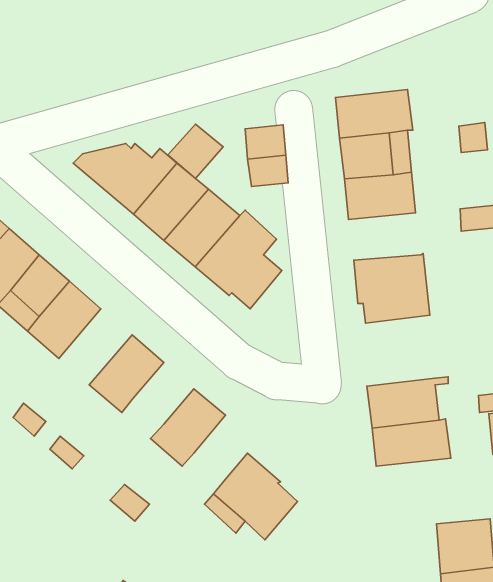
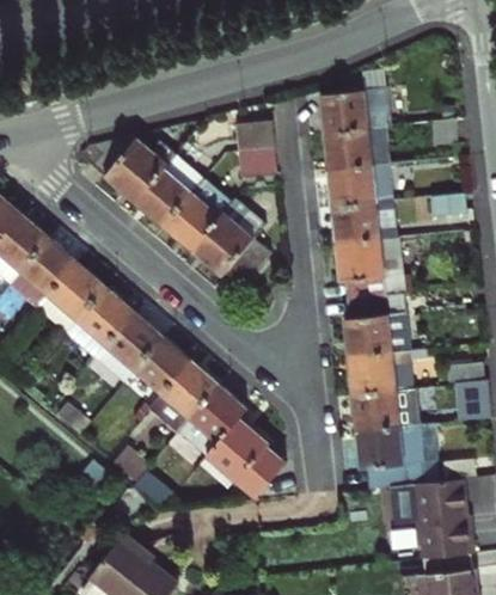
building: [168,124,223,179] -> none
building: none -> [331,201,397,244]
building: none -> [67,288,134,357]
building: none -> [344,294,410,358]
building: none -> [135,337,190,393]
building: none -> [190,385,247,443]
building: none -> [356,423,436,487]

